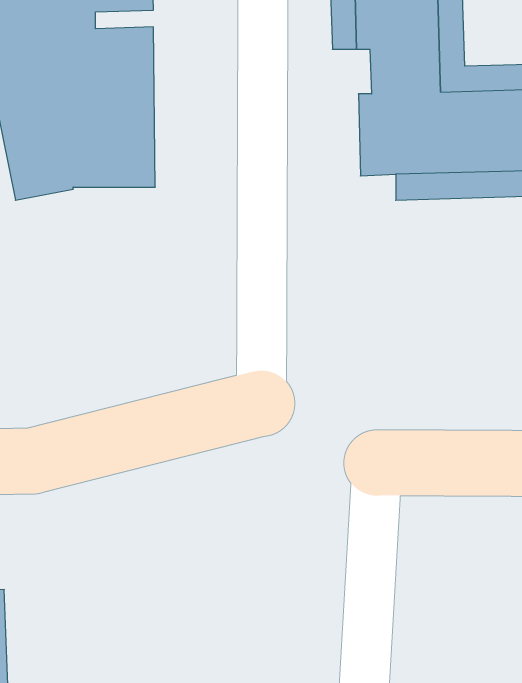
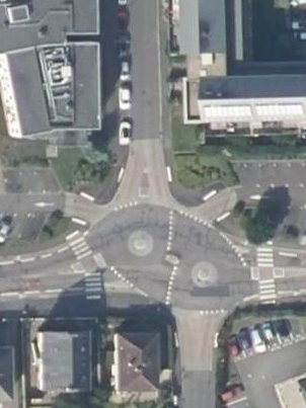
building: none -> [39,330,83,387]
building: none -> [114,332,154,388]

